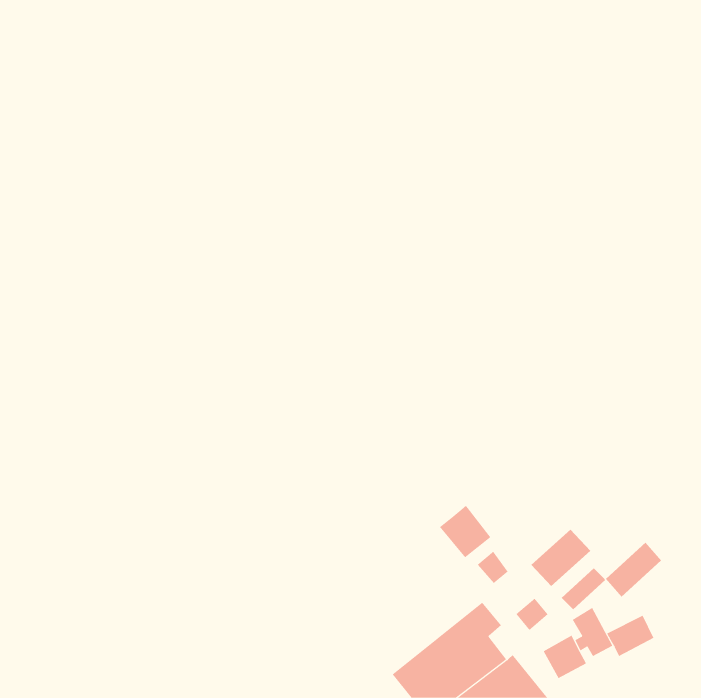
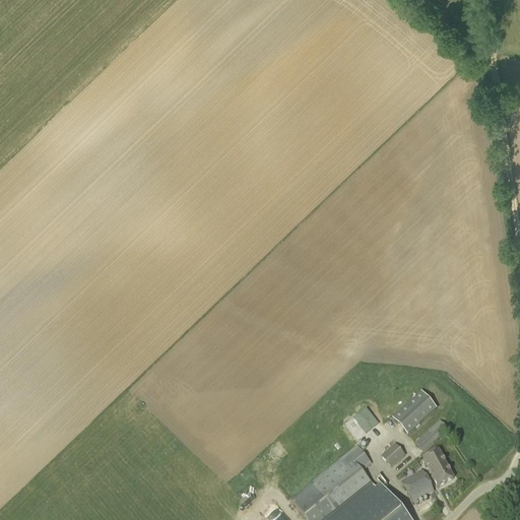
building: [439,505,491,558] -> none
building: [605,542,662,598] -> none
building: [606,615,654,657] -> none

